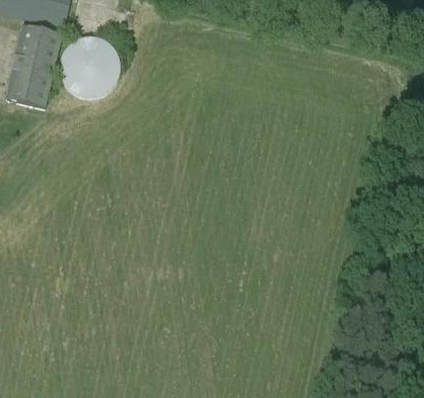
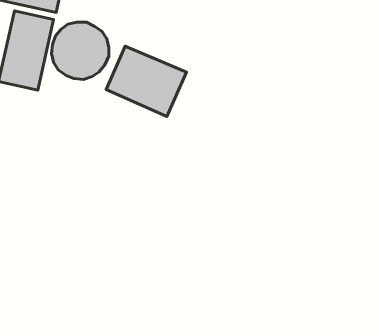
building: none -> [106,46,186,117]

